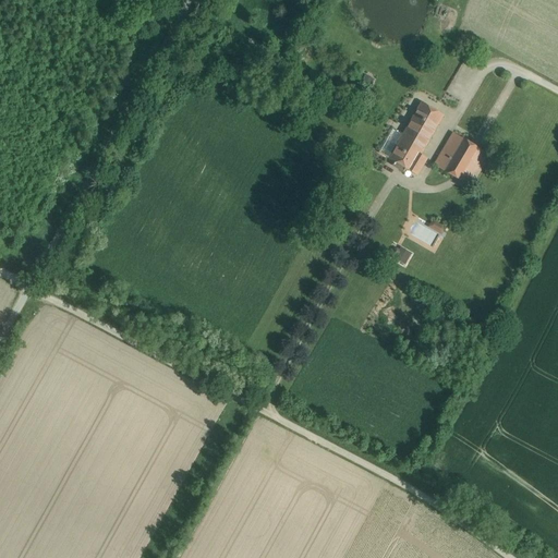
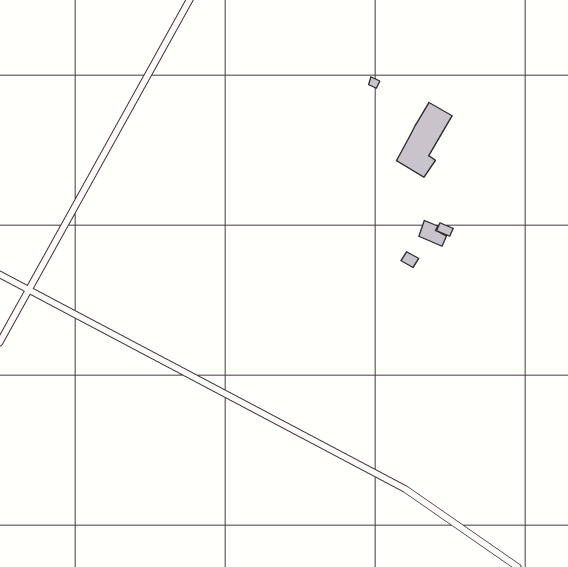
building: [433,131,483,182] -> none

